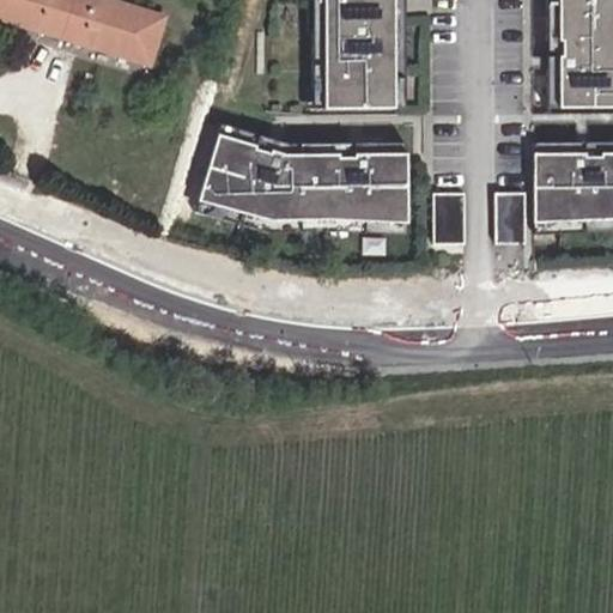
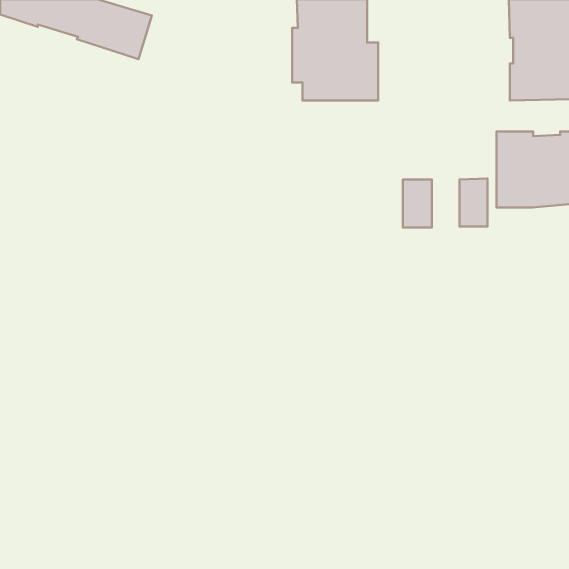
building: [201,123,407,225] -> none

